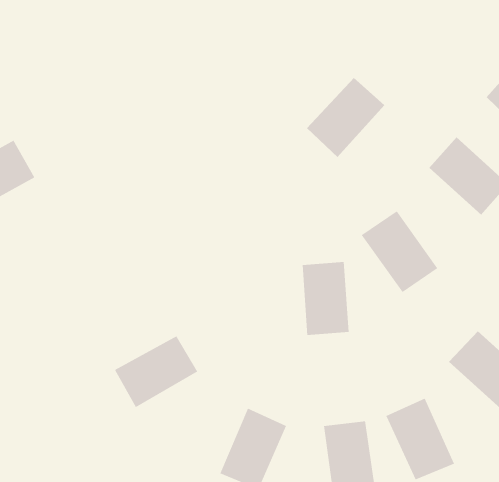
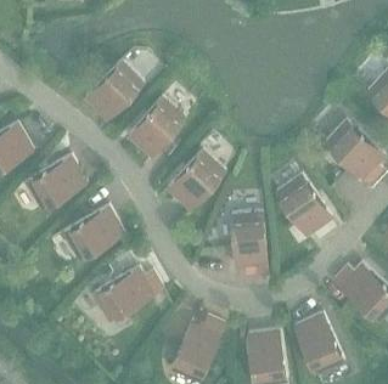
building: none -> [84,61,144,120]
building: [306,77,385,158] -> [167,151,225,210]
building: none -> [128,97,186,158]
building: none -> [26,156,86,209]
building: none -> [63,207,124,260]

